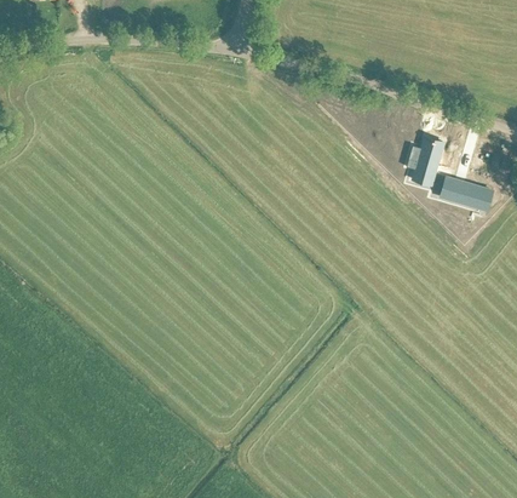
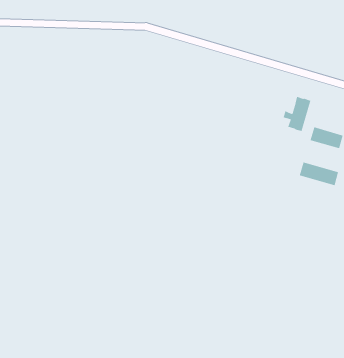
building: none -> [292,159,340,187]

